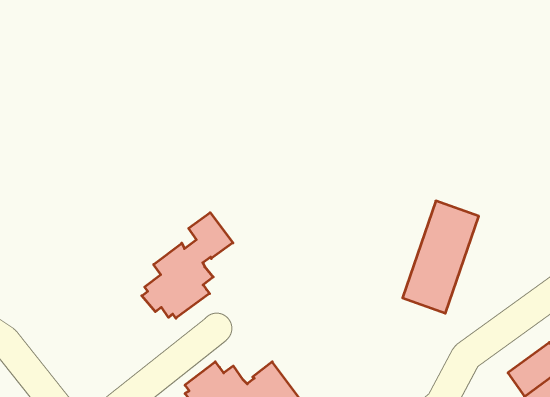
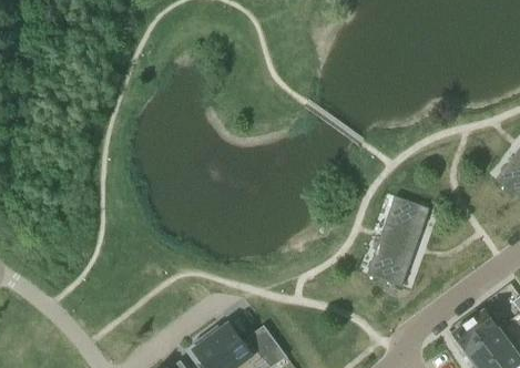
building: [142,213,233,318] -> none

